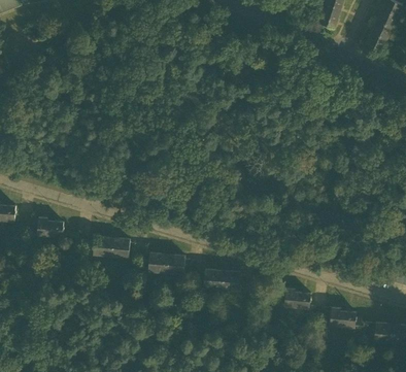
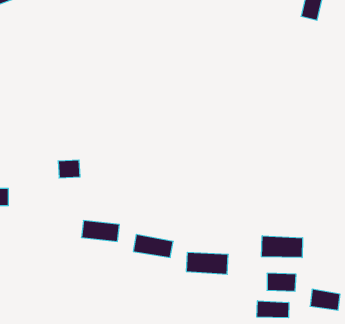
building: [37,222,60,240] -> [58,160,80,178]
building: none -> [261,236,303,258]
building: none -> [257,301,289,318]

